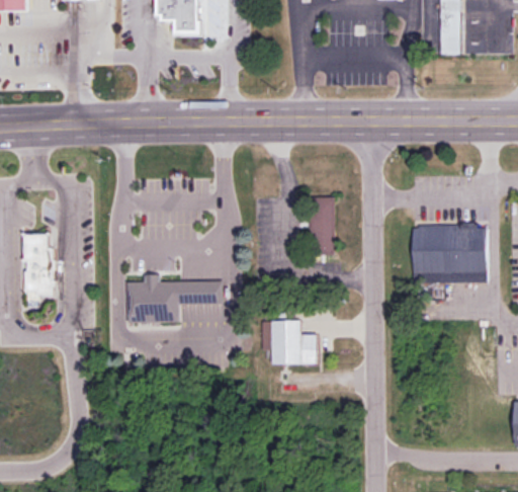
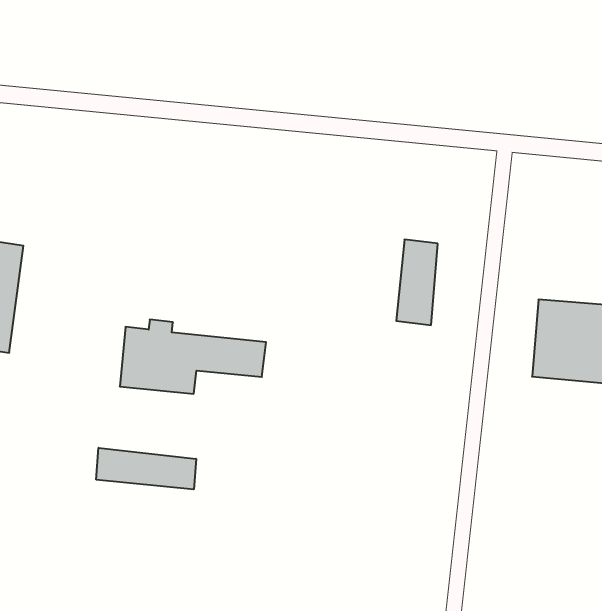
building: [264,319,318,362] -> none
building: none -> [96,448,196,489]

